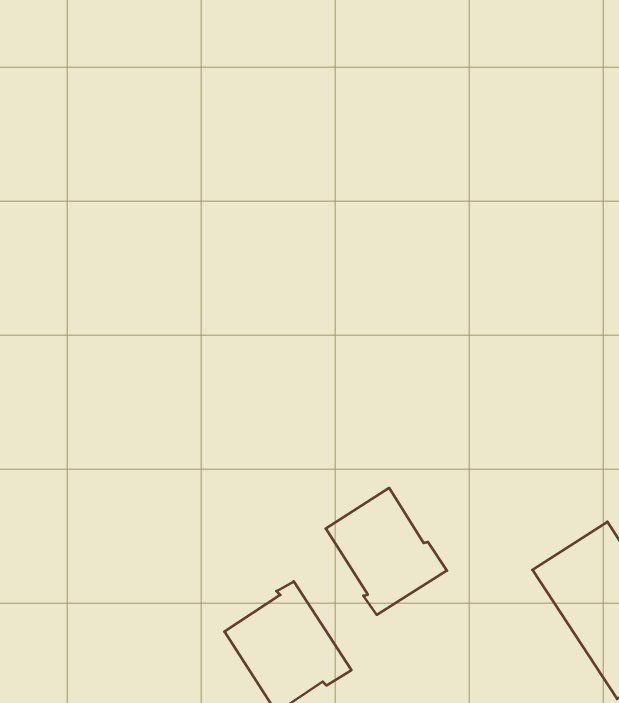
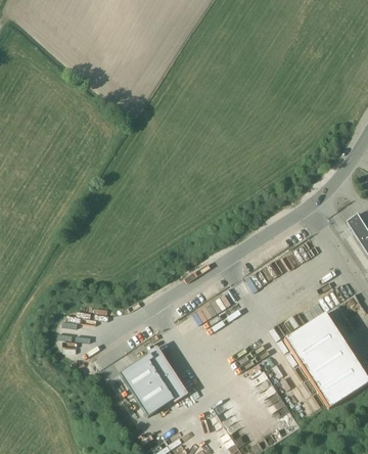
building: [326,488,447,615] -> none

